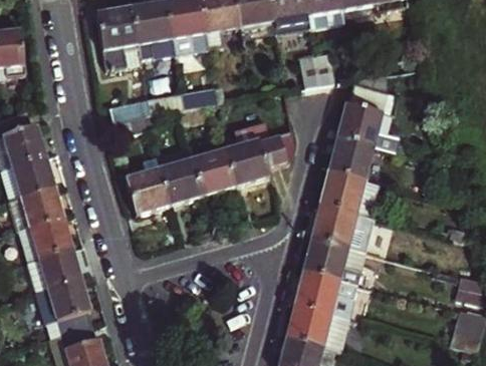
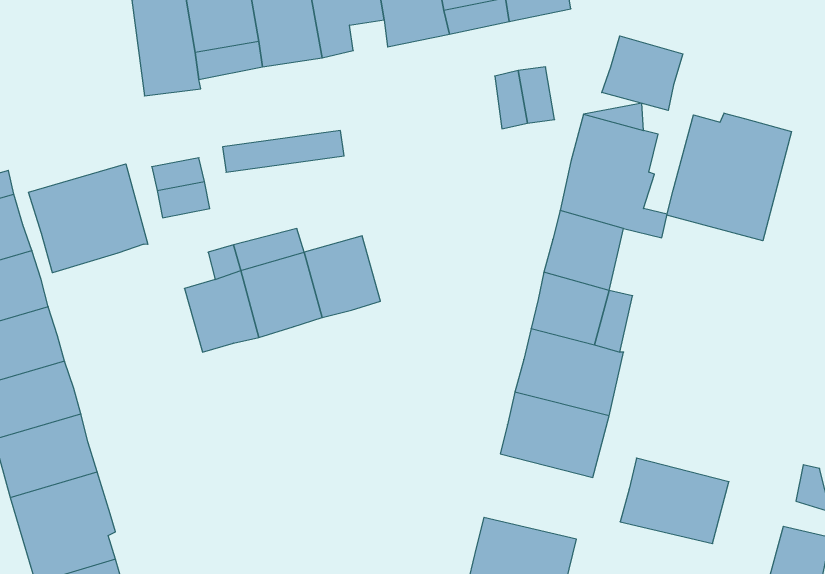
building: none -> [602,36,683,110]
building: none -> [667,113,791,241]
building: none -> [29,164,148,273]
building: [228,119,296,182] -> none
building: [295,267,355,314] -> [620,458,729,544]

